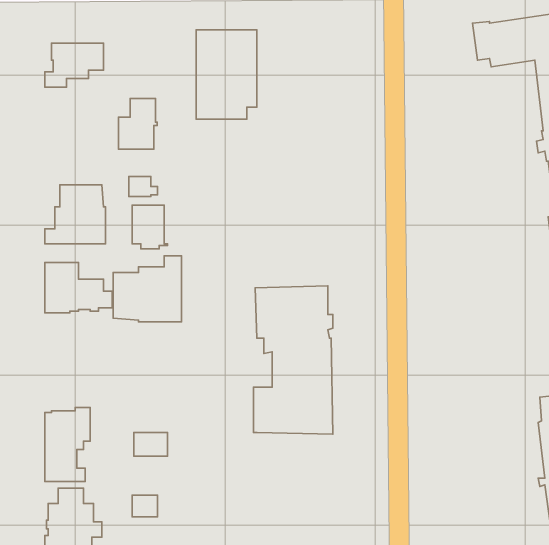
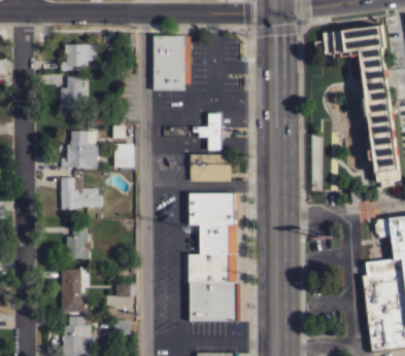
building: [118,99,157,149] -> [60,76,83,107]
building: none -> [193,113,223,150]
building: none -> [190,154,231,181]
building: [113,256,182,322] -> none
building: none -> [65,225,91,258]
building: none -> [187,282,240,321]

